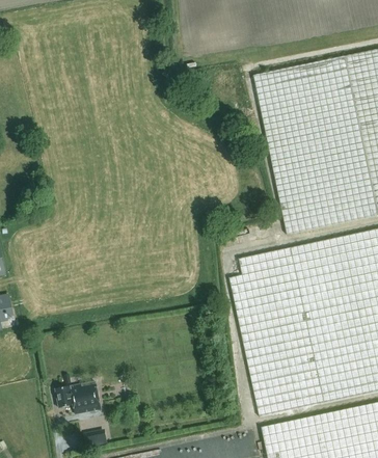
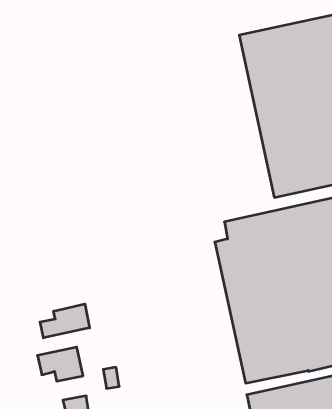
building: none -> [40,304,90,338]

